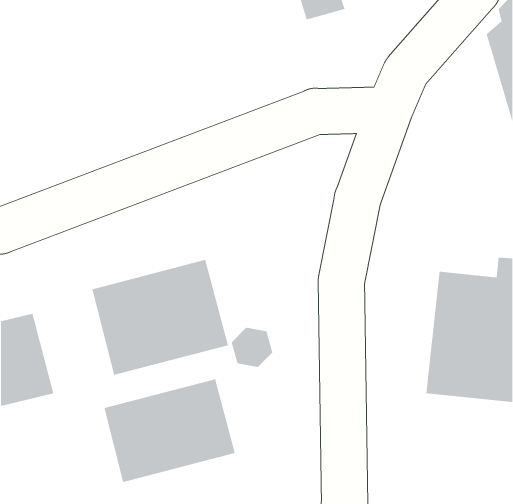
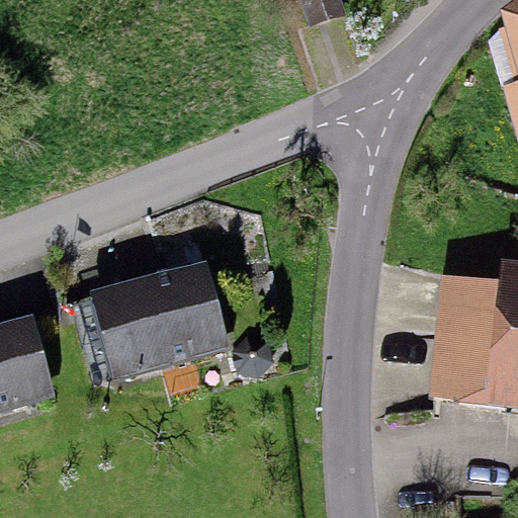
building: [104,379,236,483] -> none

